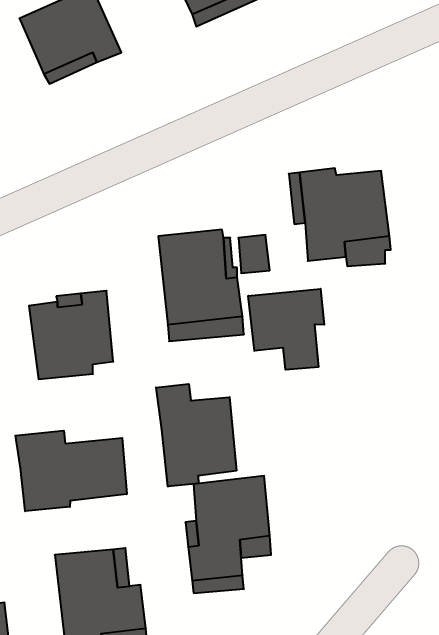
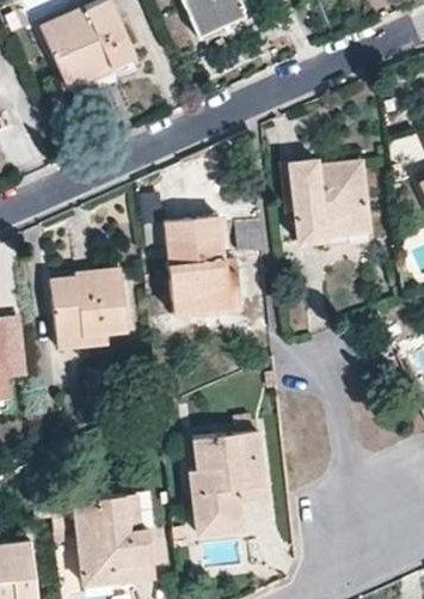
building: [248,289,324,370] -> none
building: [156,384,236,487] -> none
building: [15,431,127,511] -> none

